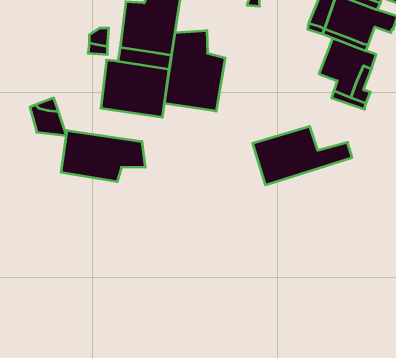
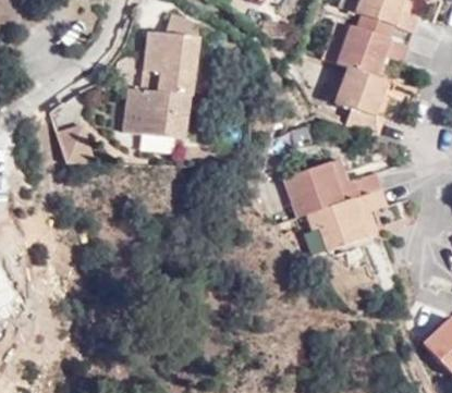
building: [164,30,225,111] -> none
building: [61,130,145,182] -> none
building: none -> [291,180,371,241]

